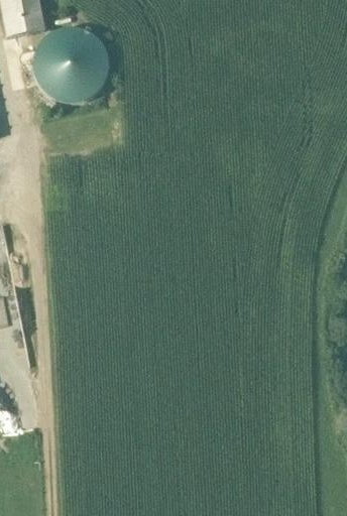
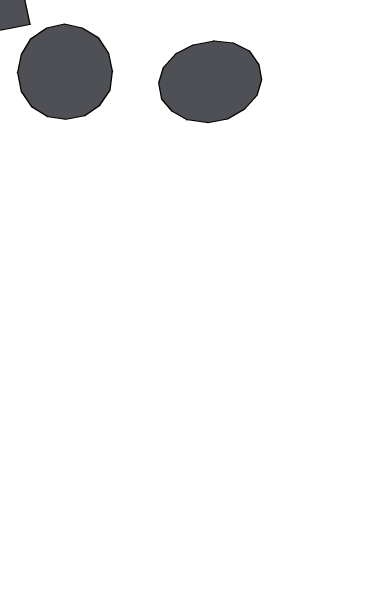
building: none -> [159,41,262,123]

